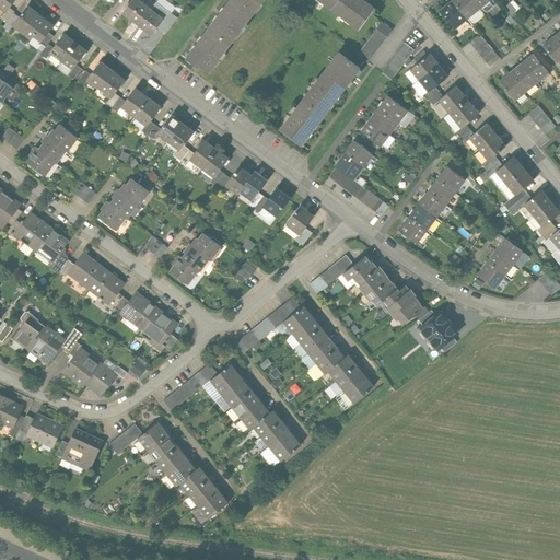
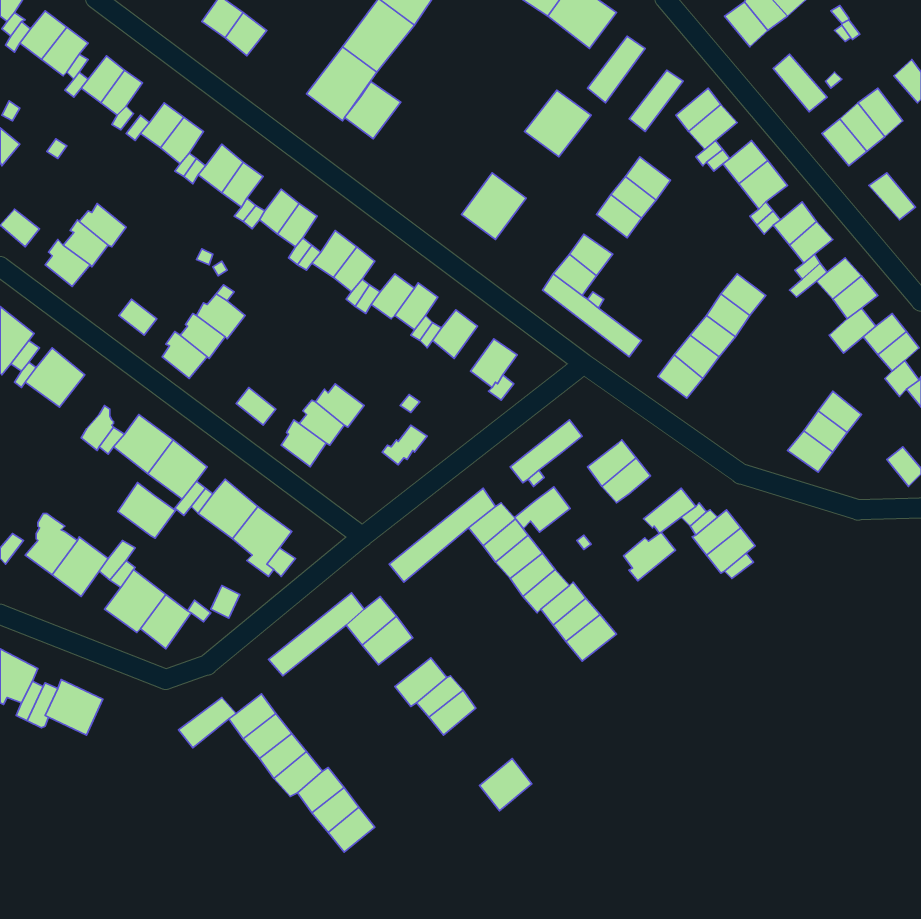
building: none -> [345,81,401,139]
building: [299,80,339,120] -> none
building: [36,228,69,260] -> none
building: [341,256,375,283] -> [514,487,570,532]
building: [382,285,413,315] -> [623,532,676,581]
building: none -> [118,483,176,538]
building: [230,387,261,417] -> none
building: [57,428,104,469] -> none
building: [269,430,301,462] -> [480,759,532,811]

